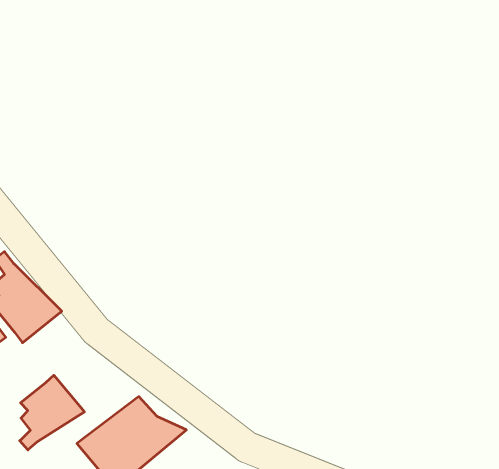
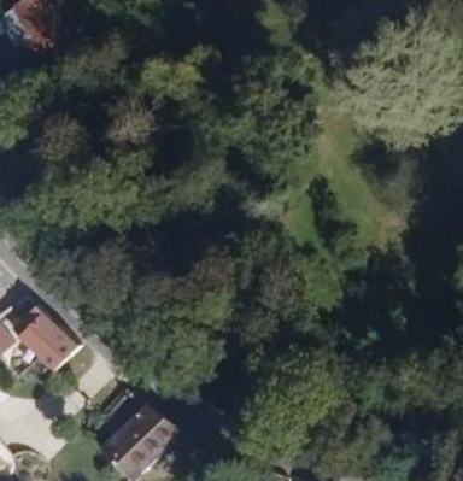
building: [20,375,84,450] -> none

